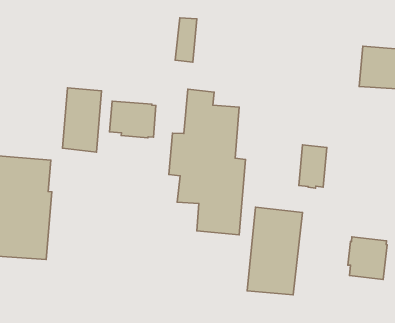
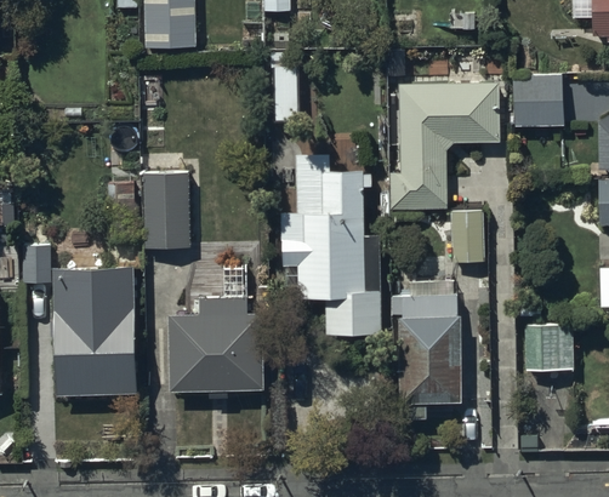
building: none -> [391,82,500,208]
building: [110,101,156,138] -> none
building: none -> [170,298,264,393]

